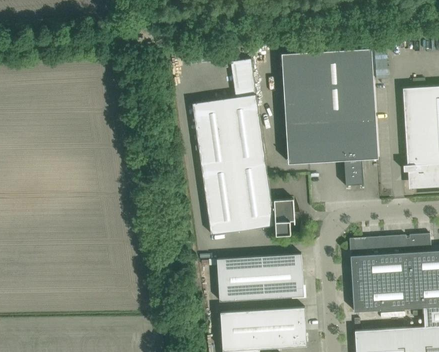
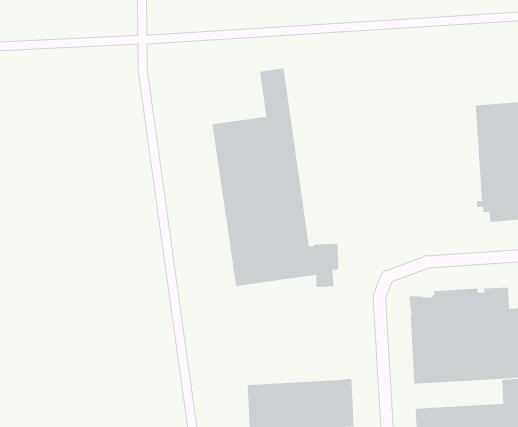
building: [282,48,379,187] -> none
building: [217,254,304,301] -> none

